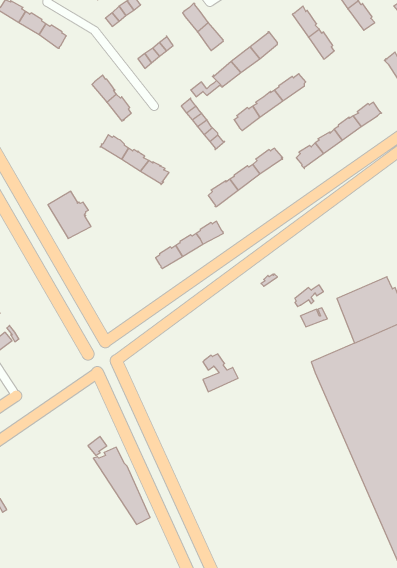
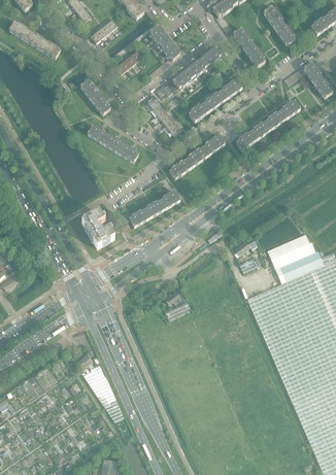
building: [48,191,91,239] -> [80,210,113,246]

